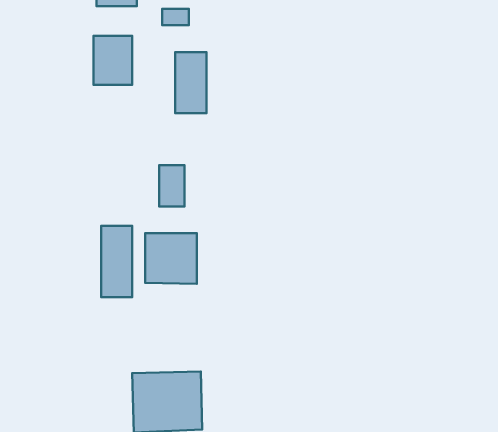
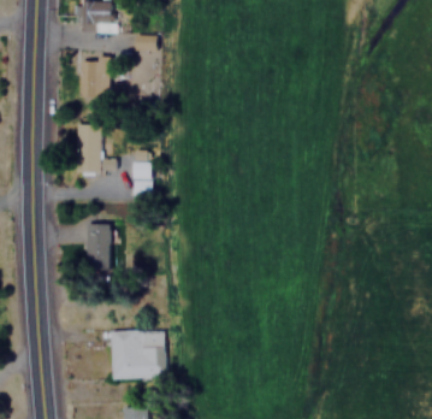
building: [175,52,206,113] -> [76,124,101,173]
building: [145,233,197,284] -> none

